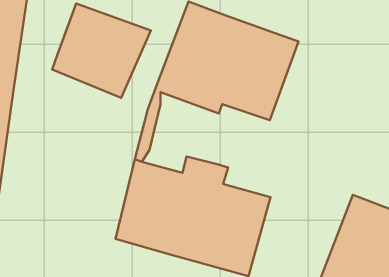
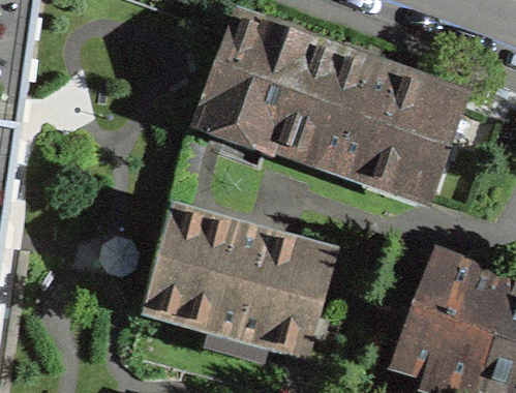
building: [52,3,151,98] -> none
building: none -> [330,71,462,203]

